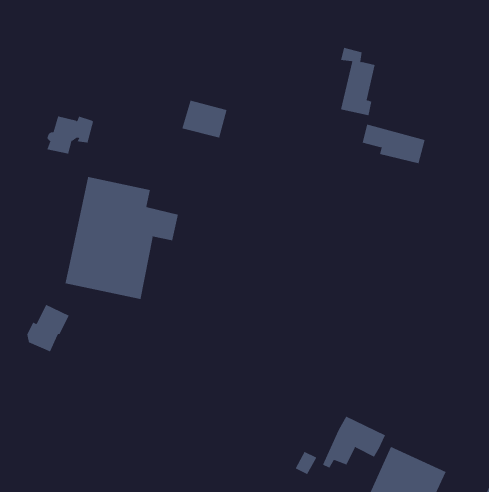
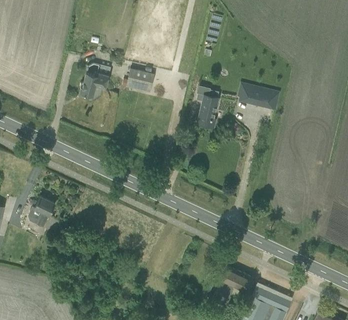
building: [340,47,375,116] -> [197,85,219,128]
building: [46,116,94,154] -> [80,72,110,96]
building: [65,176,179,300] -> none

